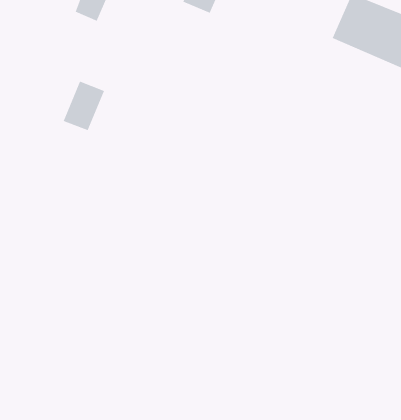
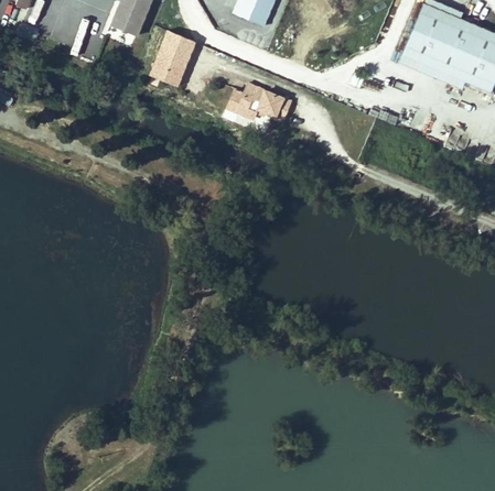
building: none -> [227,85,290,120]
building: [63,81,105,131] -> [149,30,196,86]

